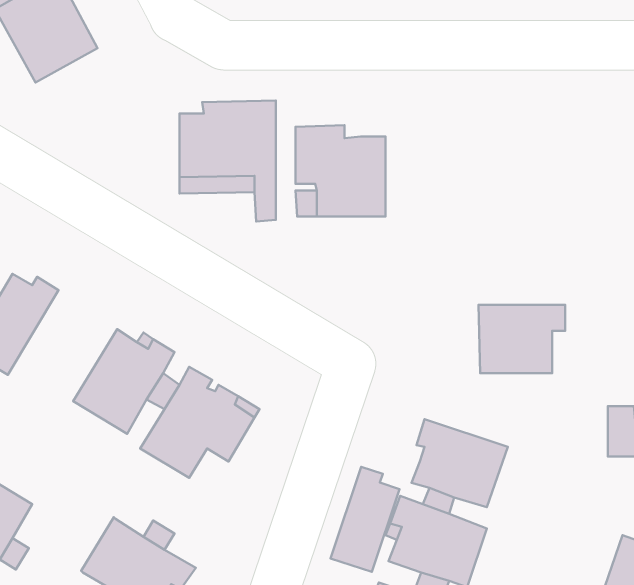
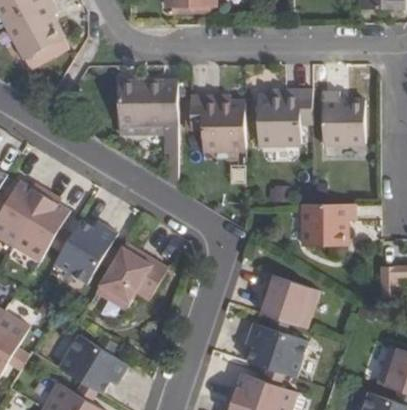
building: none -> [256,89,312,145]
building: none -> [321,90,364,144]
building: none -> [13,195,66,261]
building: [331,467,399,572] -> none

